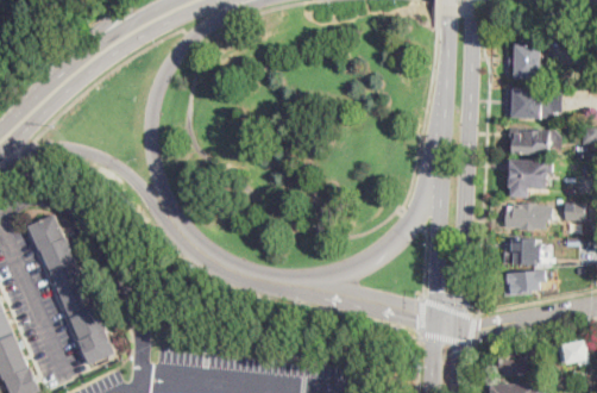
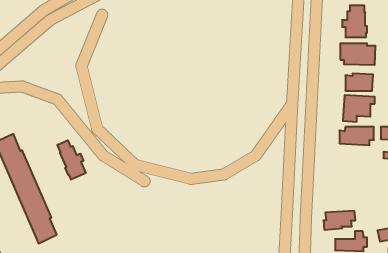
building: none -> [57,140,86,180]
building: [503,237,539,264] -> none
building: [502,269,546,295] -> [323,211,355,230]

